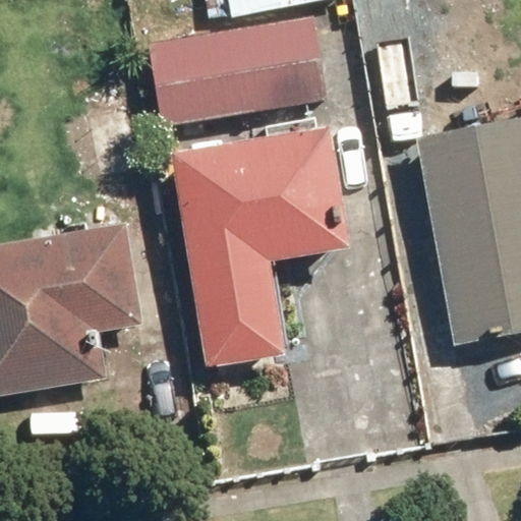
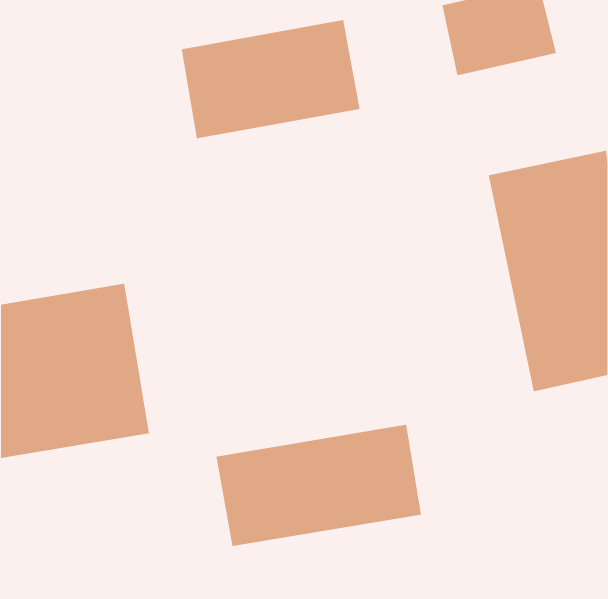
building: [174,150,333,352] -> none
building: none -> [215,424,422,547]

